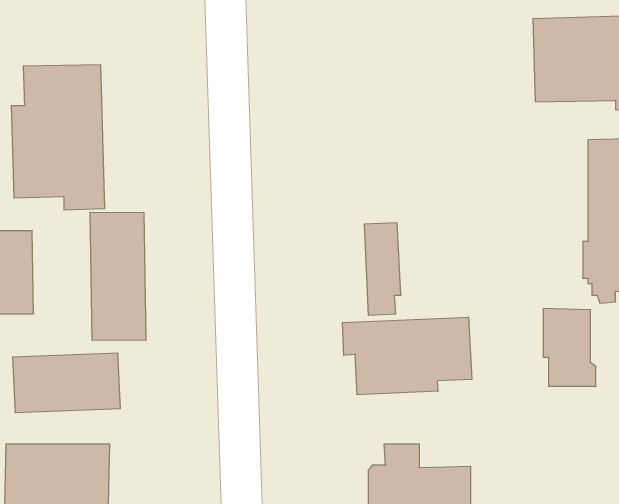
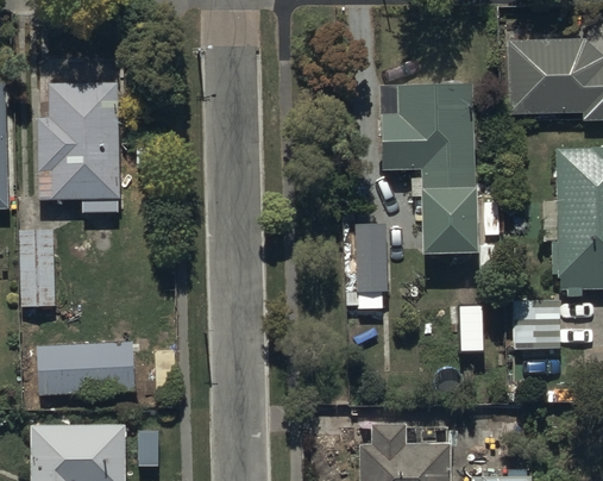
building: none -> [378,83,477,252]
building: [90,212,146,340] -> none
building: [342,317,472,395] -> none

